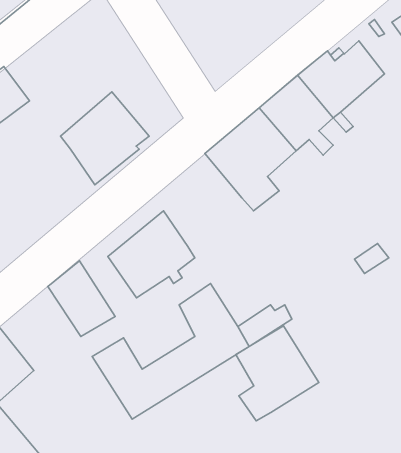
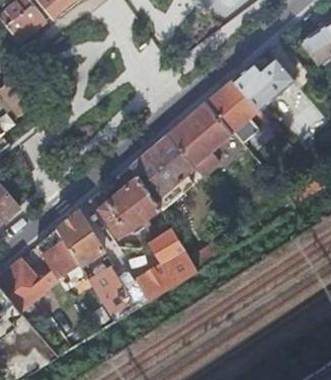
building: [61,92,149,185] -> [131,135,193,201]
building: none -> [37,229,79,279]
building: [236,326,319,421] -> none

